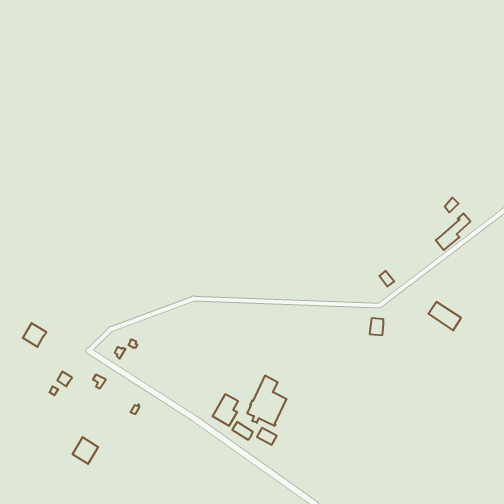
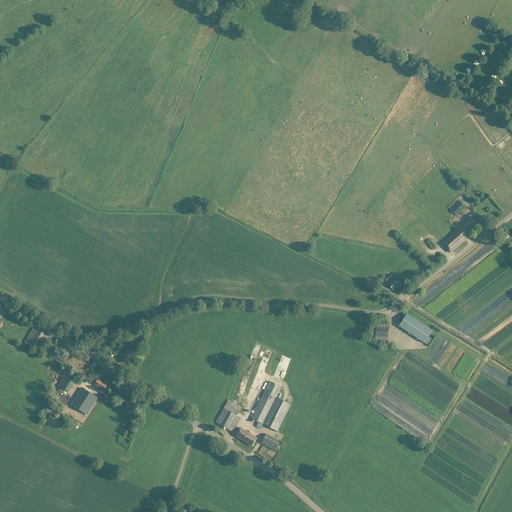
building: [428,302,461,331] -> [398,313,431,342]
building: [72,437,98,464] -> [71,387,97,414]

